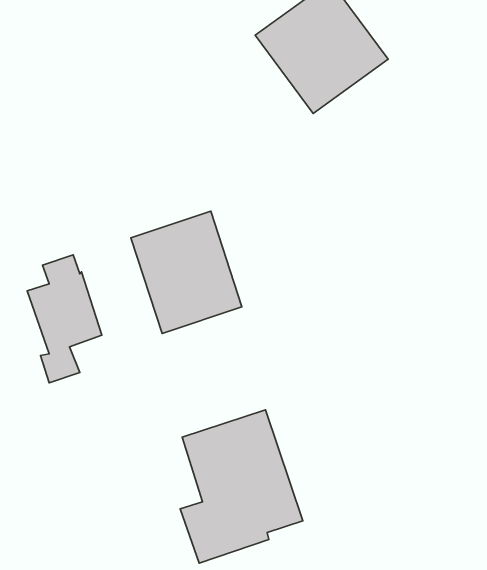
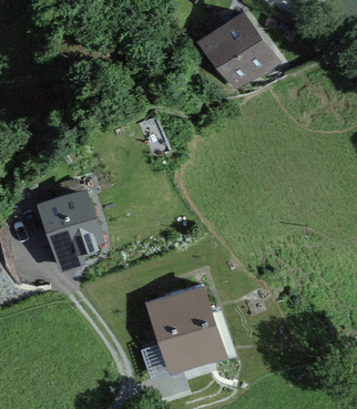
building: [131,211,242,334] -> none

